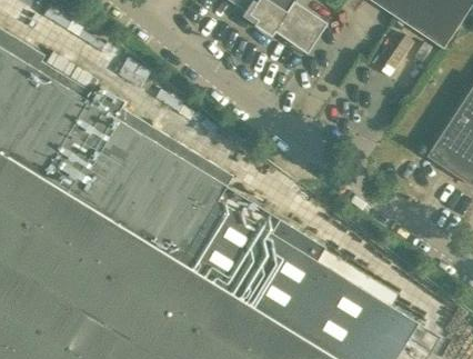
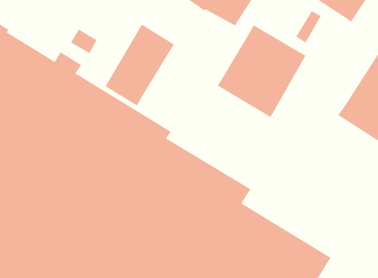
building: none -> [104,23,175,107]
building: none -> [217,24,306,118]

